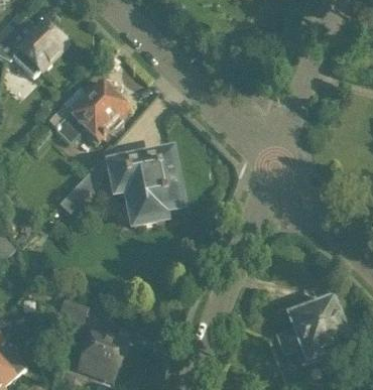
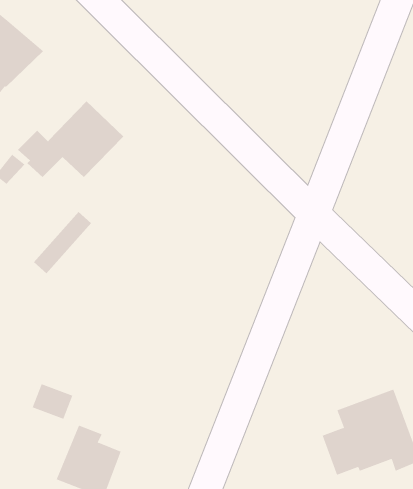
building: [110,153,182,228] -> none

